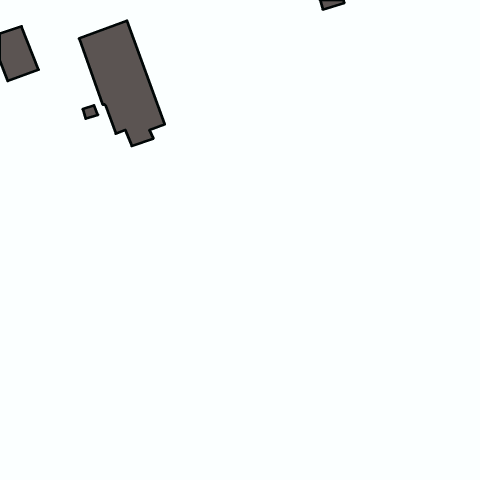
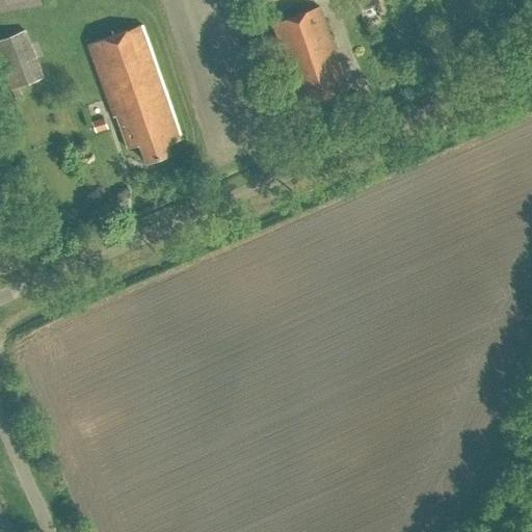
building: none -> [272,8,345,106]

